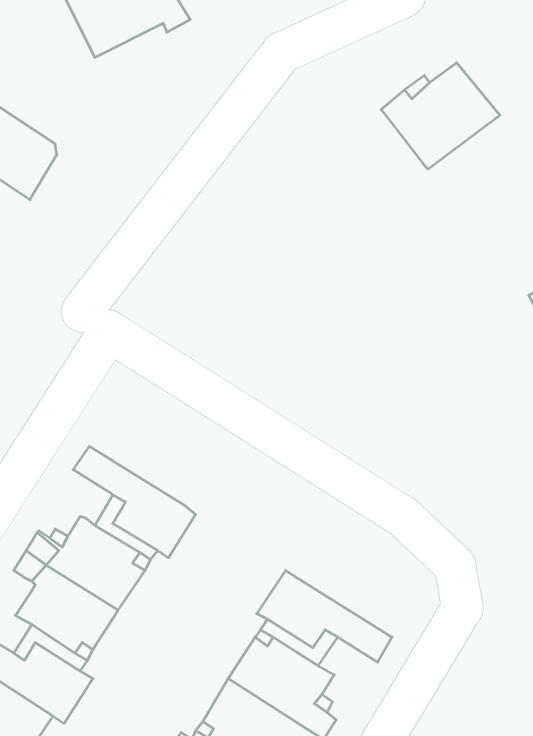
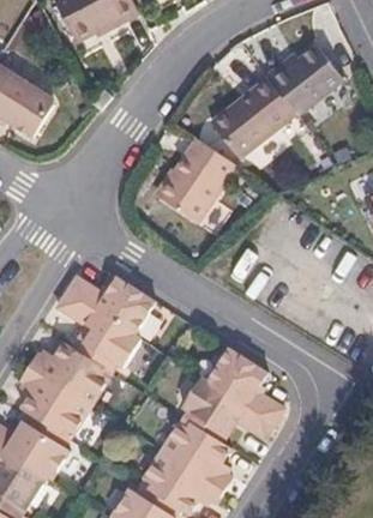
building: none -> [210,74,294,153]
building: none -> [155,135,235,219]
building: none -> [71,277,157,338]
building: none -> [209,349,282,426]

